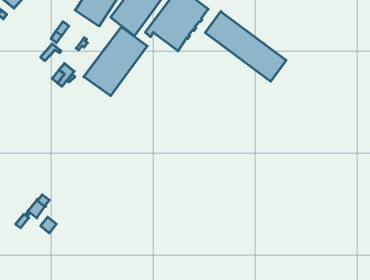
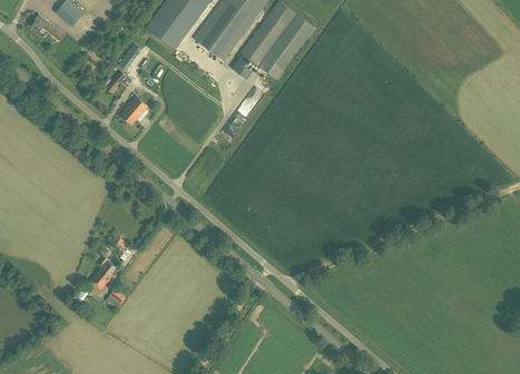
building: [205,11,286,81] -> none
building: [84,27,147,96] -> none

